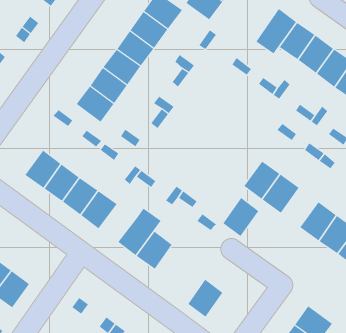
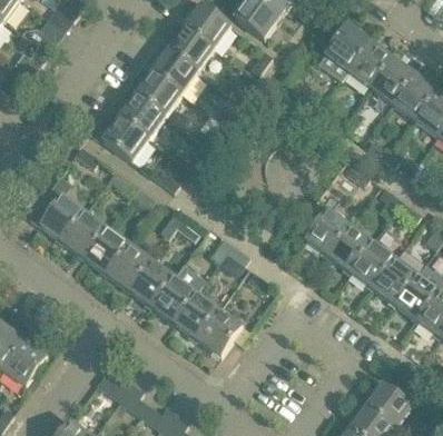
building: [222,197,259,237] -> [350,239,394,287]
building: none -> [129,259,174,305]
building: [187,279,223,318] -> [197,308,240,355]

